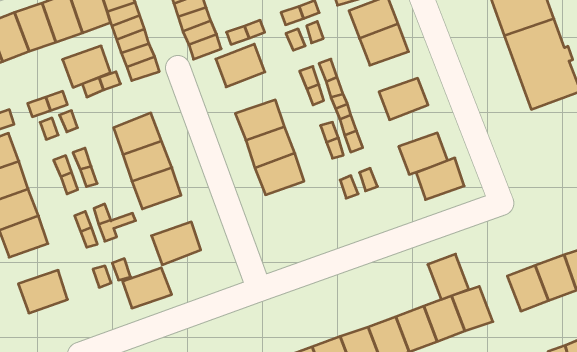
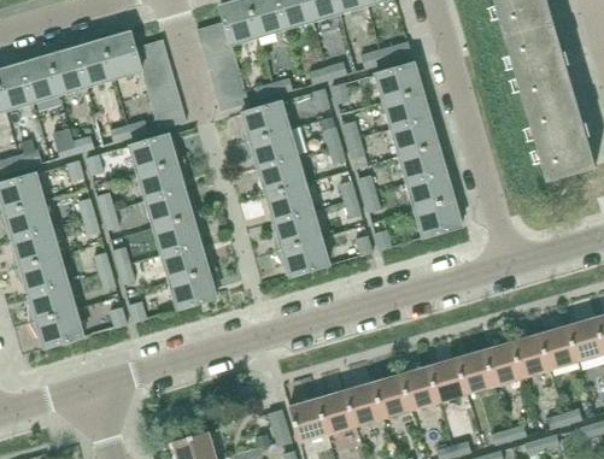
building: [62,46,110,87] -> [130,135,176,173]
building: none -> [392,118,438,155]
building: none -> [251,129,298,167]
building: [416,158,464,200] -> [407,171,453,210]
building: none -> [282,237,329,277]
building: none -> [29,282,76,319]
building: [428,254,469,300] -> [485,342,523,386]
building: [123,268,172,308] -> [162,243,209,281]

